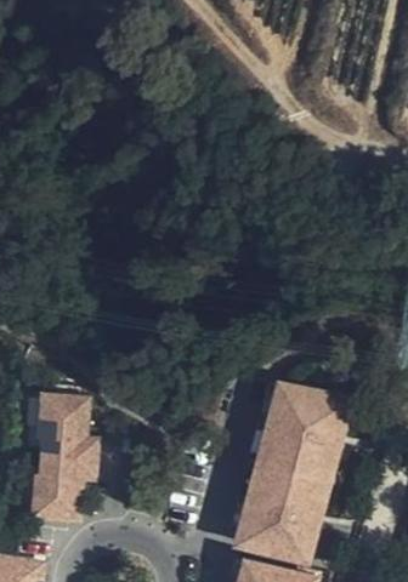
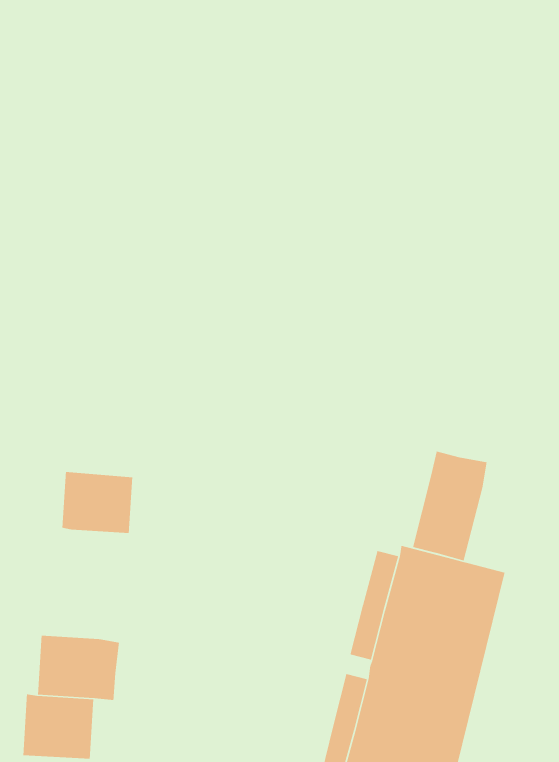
building: none -> [412,451,488,561]
building: [39,400,86,441] -> [62,471,133,534]

